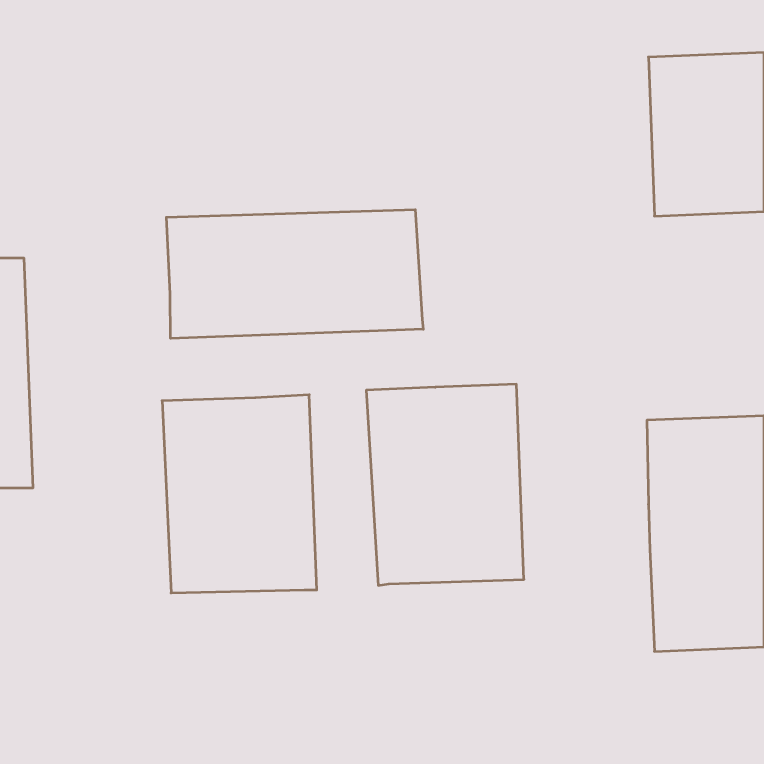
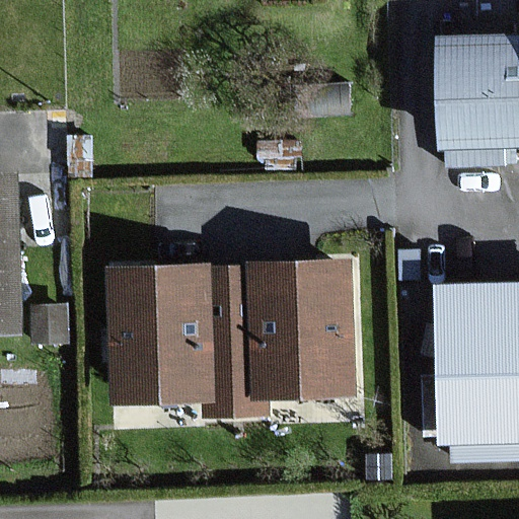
building: [166,210,423,338] -> none
building: none -> [206,266,264,417]

